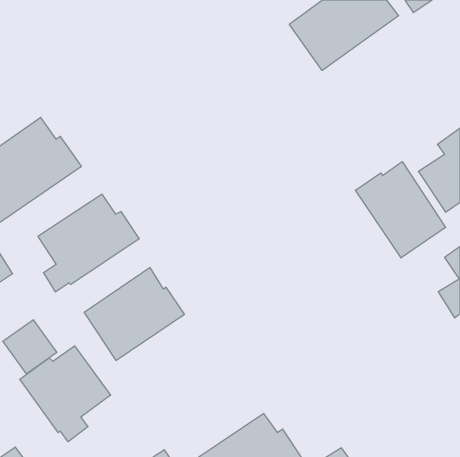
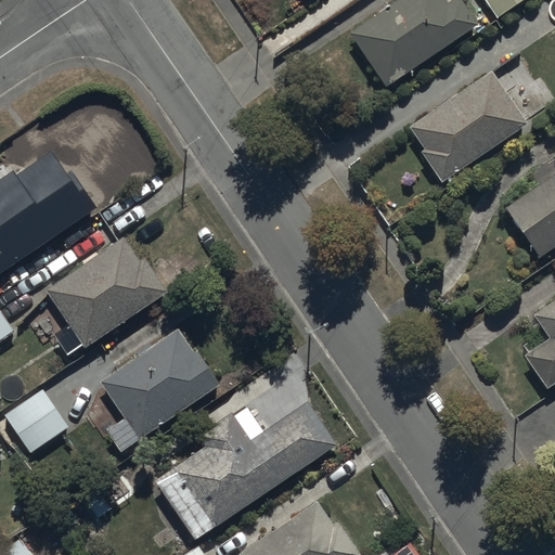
building: none -> [409,70,538,183]
building: [355,162,446,258] -> none
building: none -> [155,398,338,539]
building: [20,346,111,442] -> none

